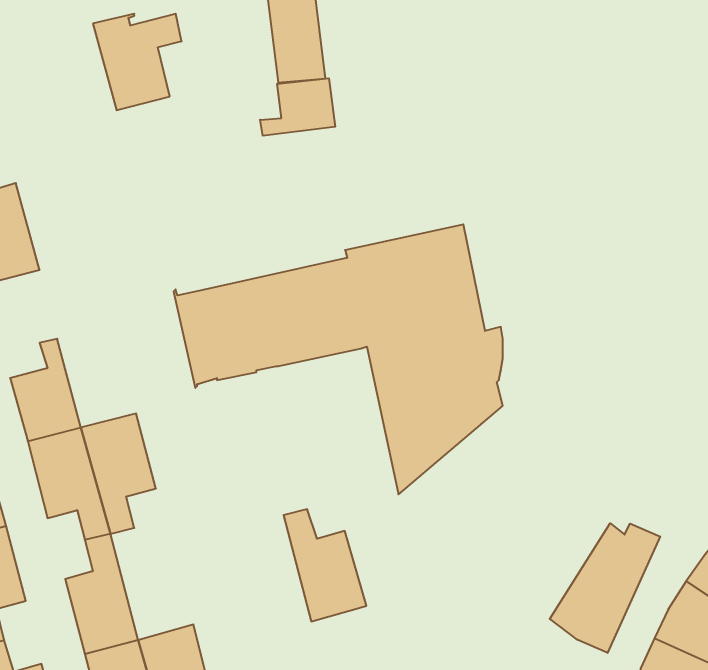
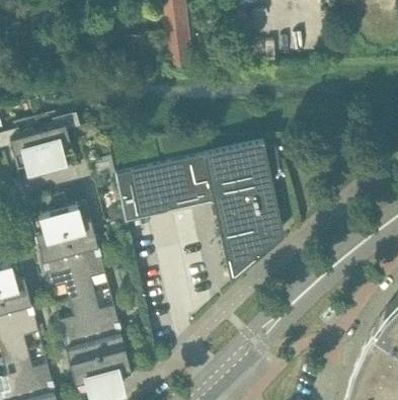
building: [93,14,182,110] -> [34,116,80,166]
building: [260,78,335,136] -> none
building: none -> [56,198,96,247]
building: [284,509,366,621] -> [83,299,126,356]
building: [550,523,660,653] -> none

